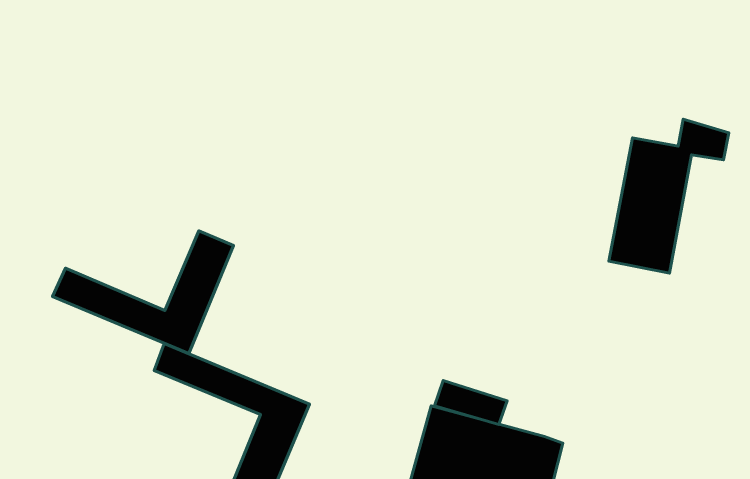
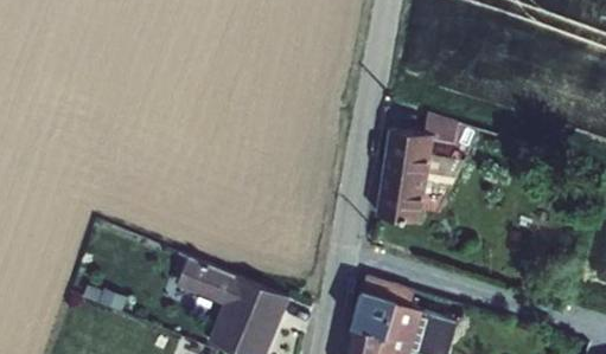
building: [609,119,729,273] -> [372,118,457,226]
building: [53,231,234,354] -> none

